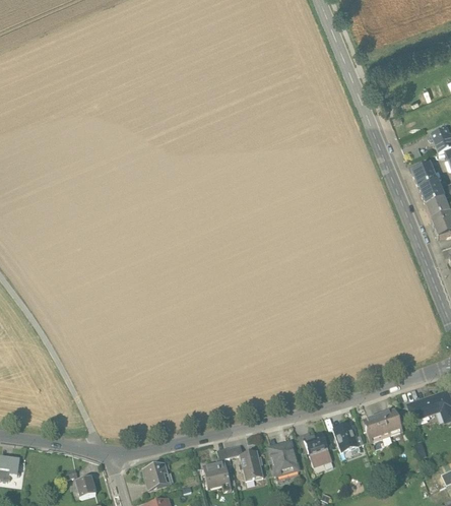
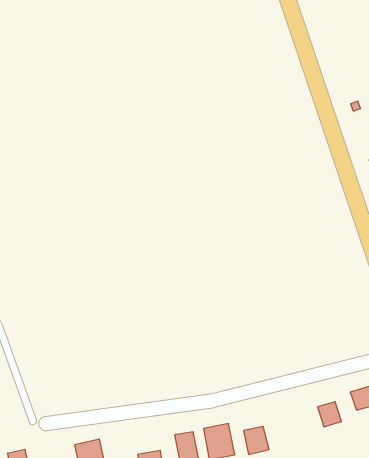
building: [361,417,385,441] -> none
building: [331,420,360,455] -> none

